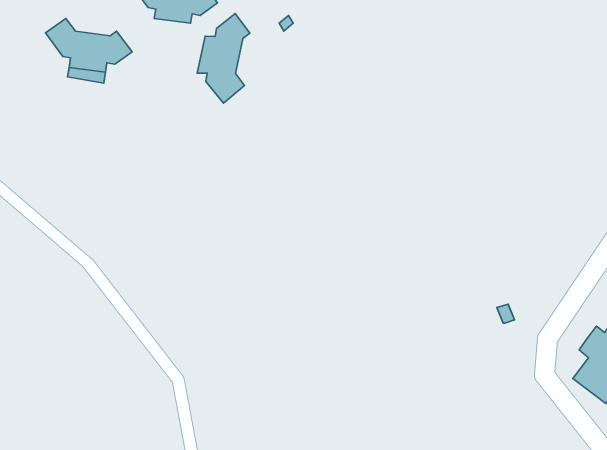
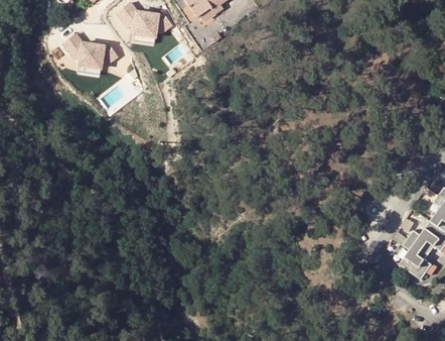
building: [197,14,250,103] -> none

